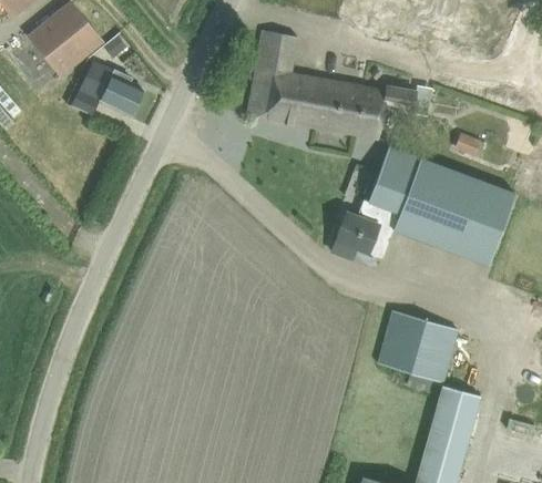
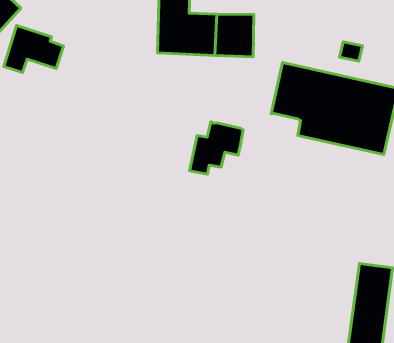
building: [357,86,417,137] -> none
building: [333,199,400,258] -> [189,122,243,174]
building: [379,310,459,382] -> none

